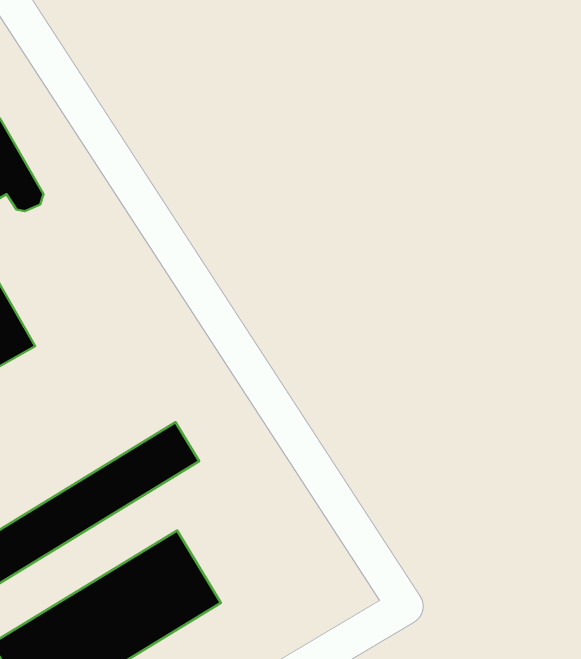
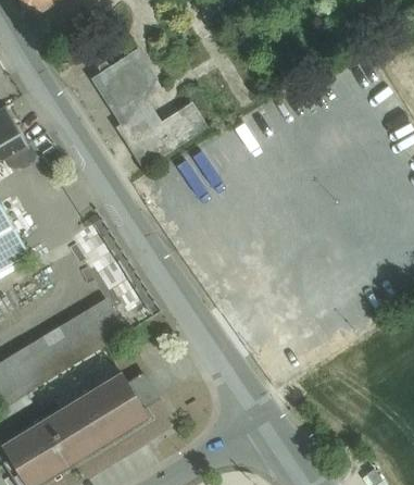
building: none -> [97,54,200,159]

